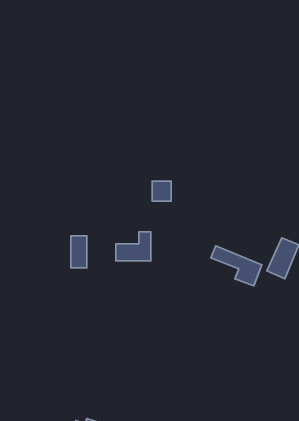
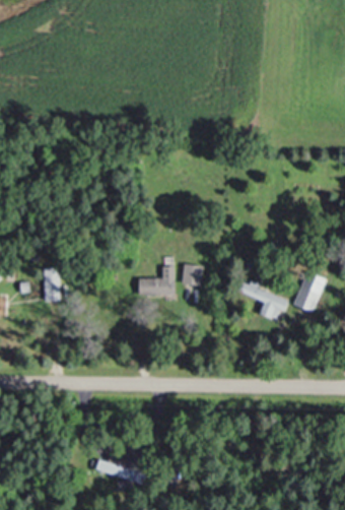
building: [152,181,171,201] -> [183,265,202,285]
building: [71,236,87,268] -> [43,268,59,301]

